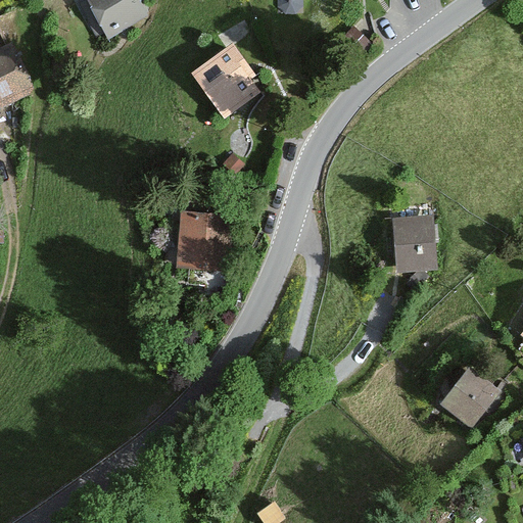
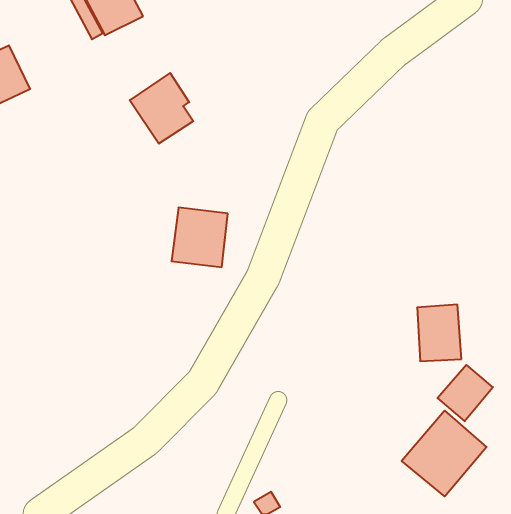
building: [194,45,258,116] -> [130,73,193,144]
building: [391,216,436,273] -> [417,305,461,361]
building: none -> [402,411,487,496]

